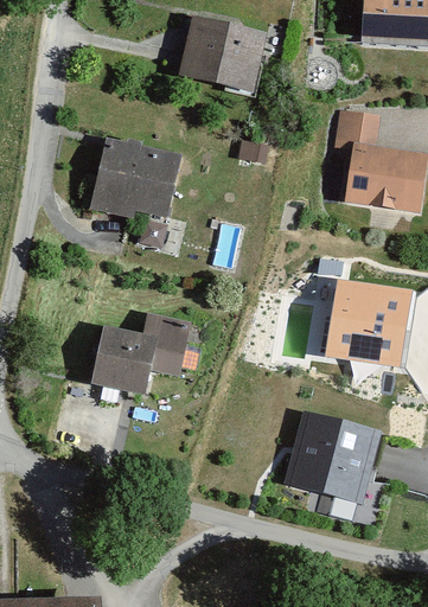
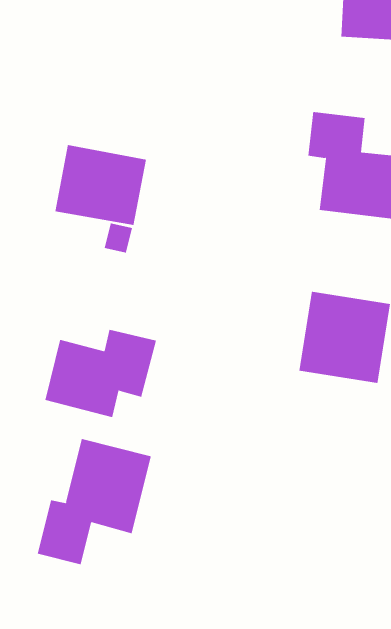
building: [183,15,272,91] -> none
building: [282,410,378,503] -> none
building: none -> [37,438,151,565]

